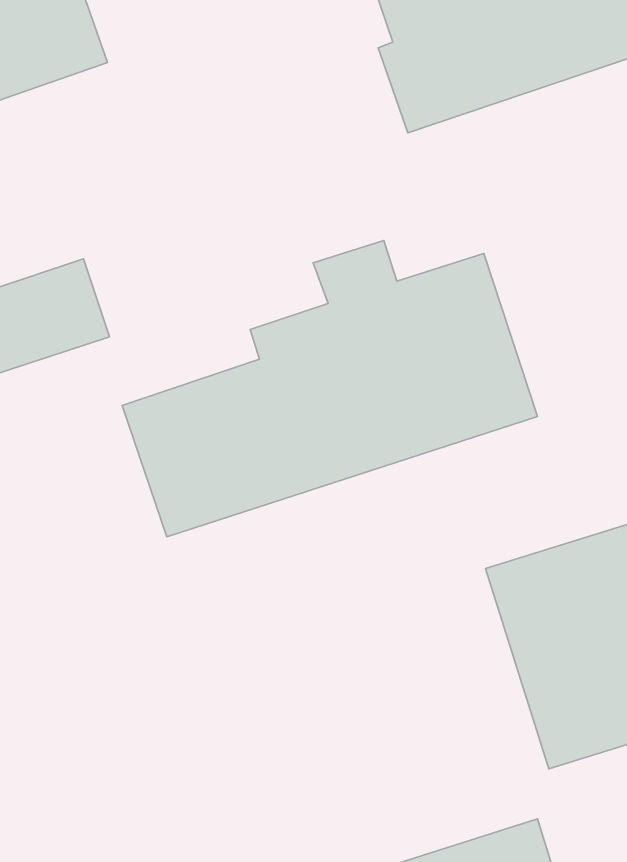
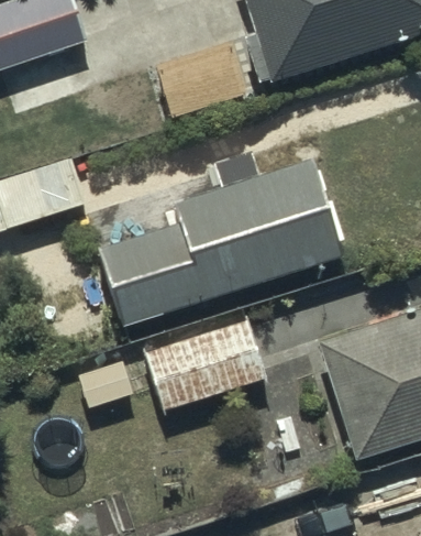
building: none -> [147,320,268,413]

